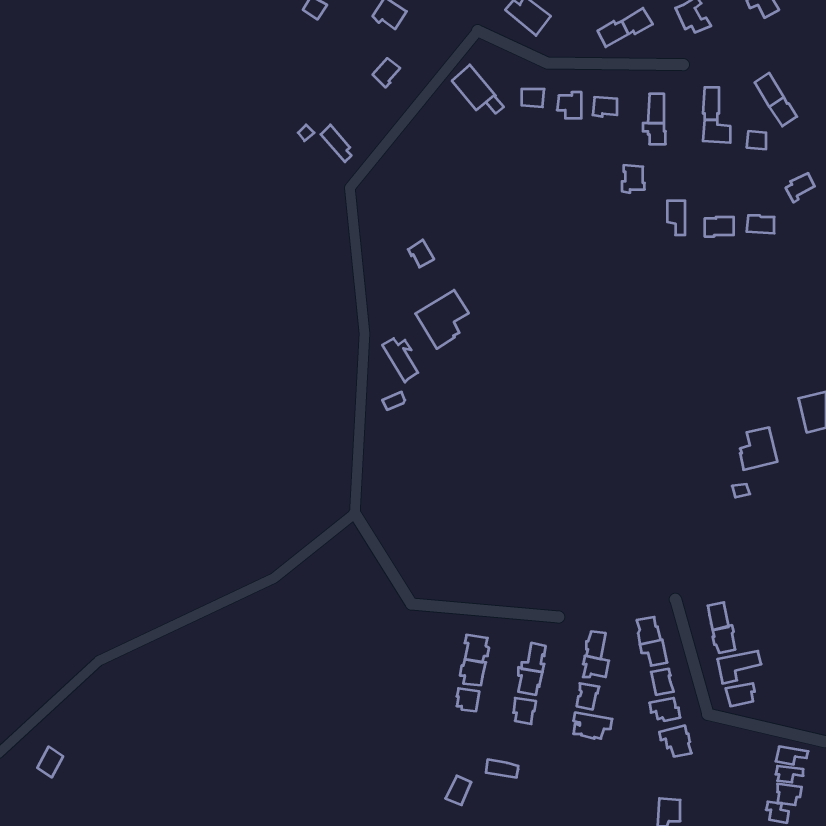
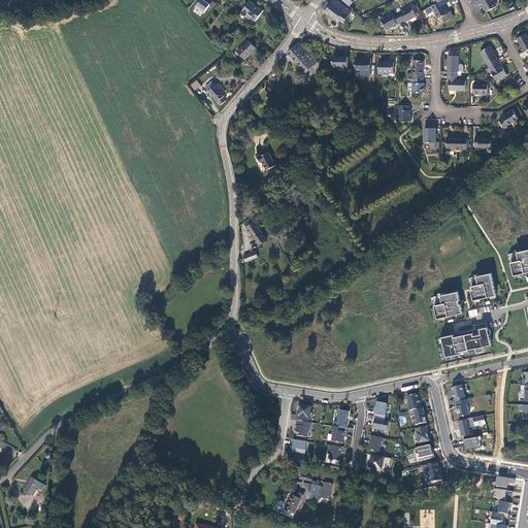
building: [415,290,469,349] -> none
building: none -> [434,291,462,319]
building: none -> [440,327,490,357]

